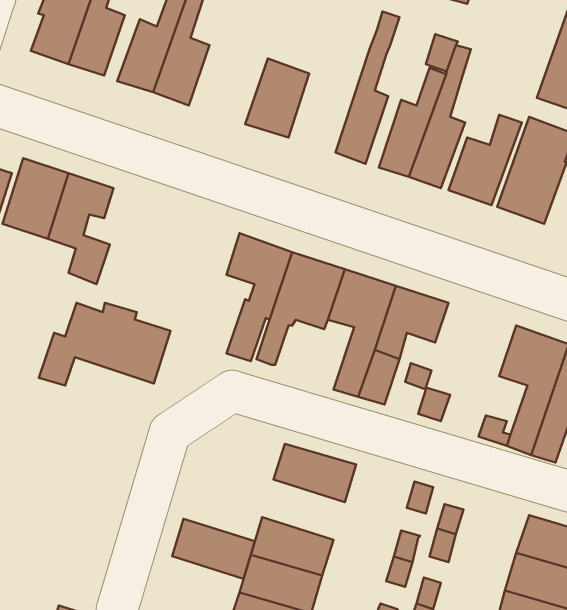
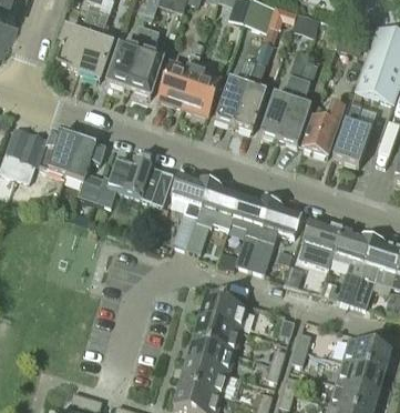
building: none -> [157,53,199,108]
building: none -> [216,60,255,124]
building: [39,303,171,385] -> [94,158,172,206]
building: none -> [297,216,341,268]
building: [172,519,255,579] -> [192,318,240,353]

